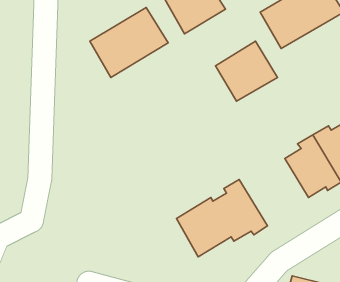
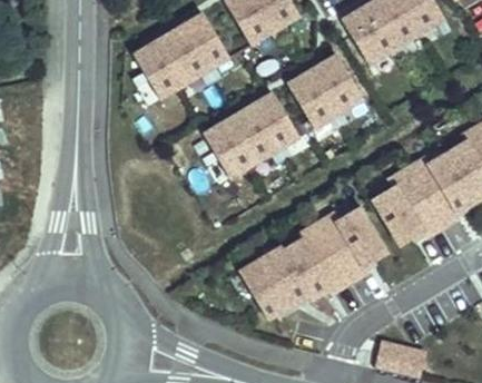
building: none -> [203,90,299,177]
building: none -> [316,206,386,279]

